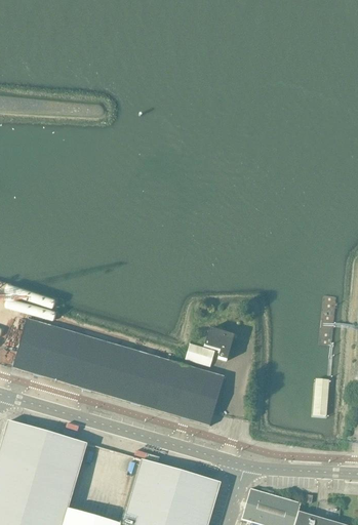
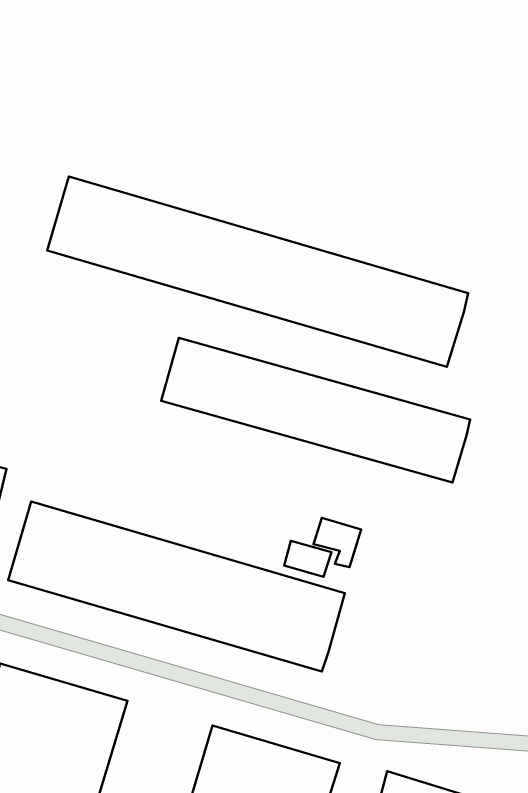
building: none -> [47,177,468,367]
building: none -> [161,338,470,482]

